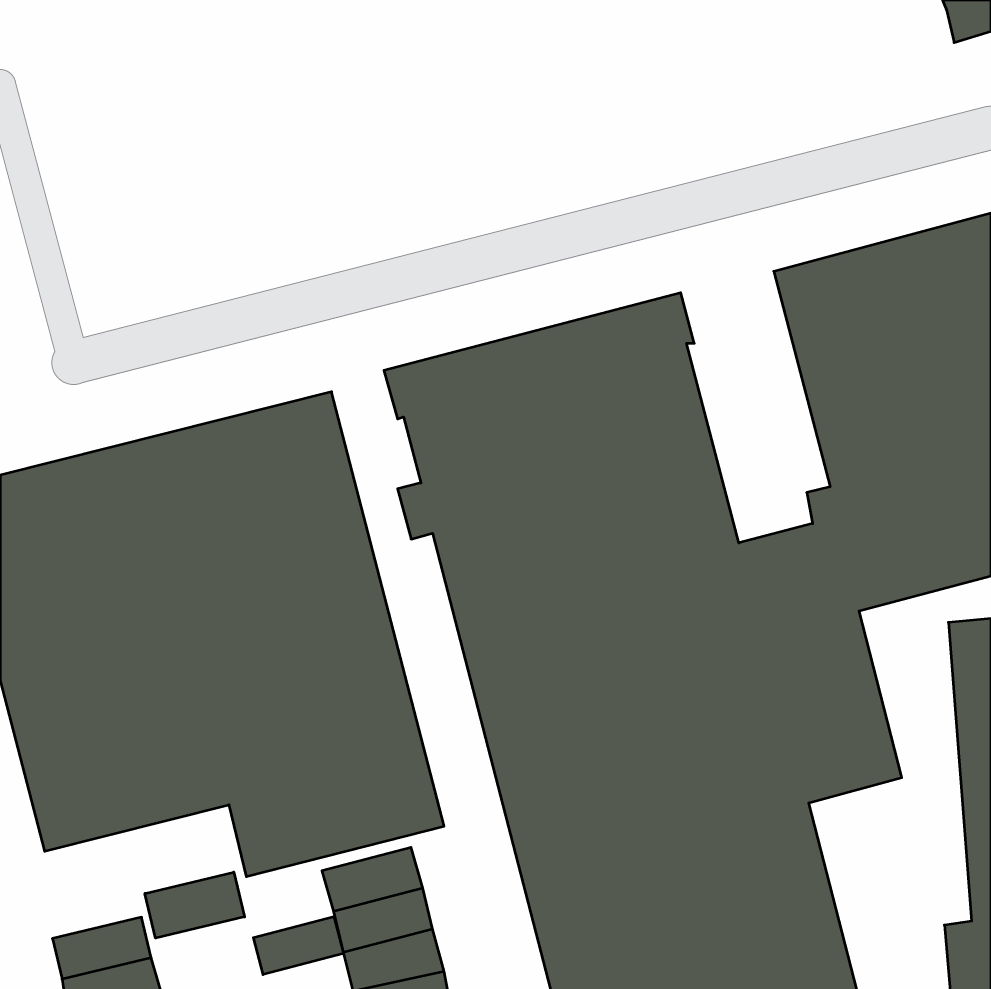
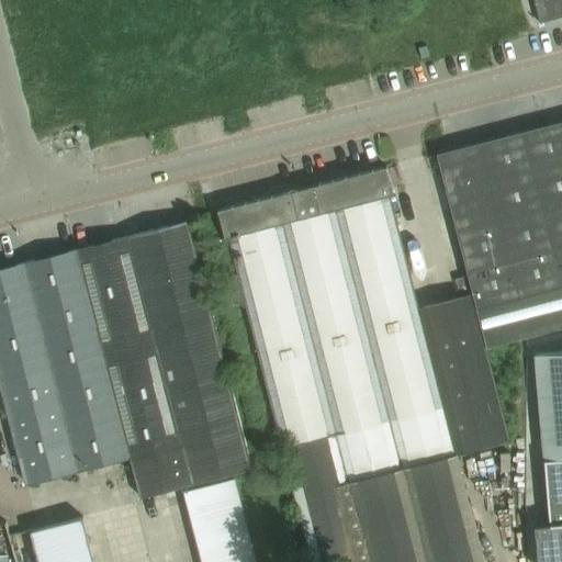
building: [145,872,245,938] -> none
building: [253,917,344,975] -> none

